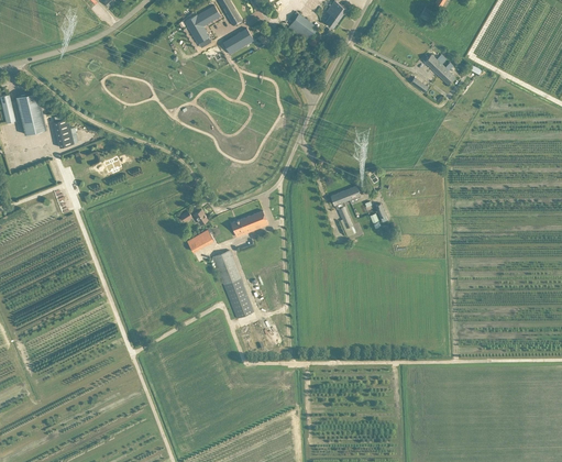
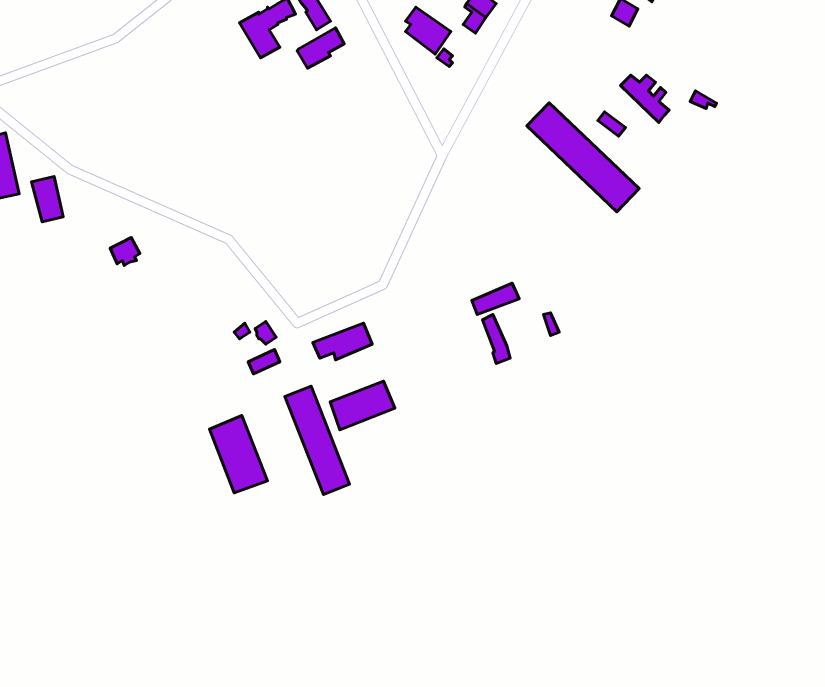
building: none -> [527,103,639,212]
building: none -> [330,381,395,430]
building: none -> [210,416,268,493]

